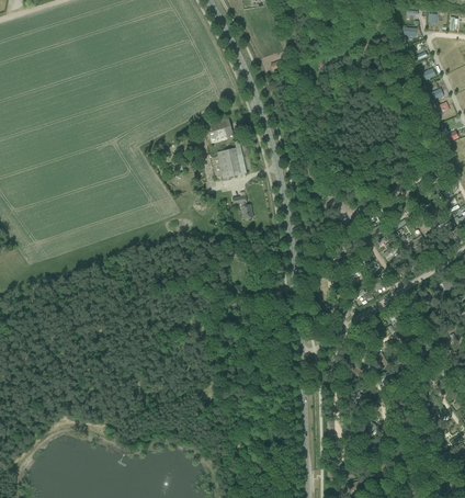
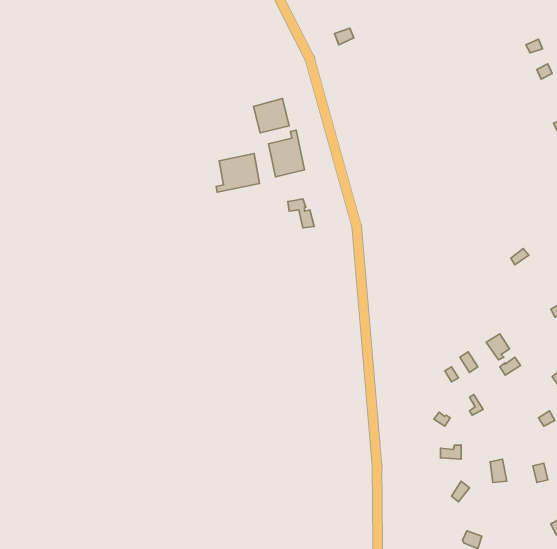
building: none -> [216,153,259,192]

